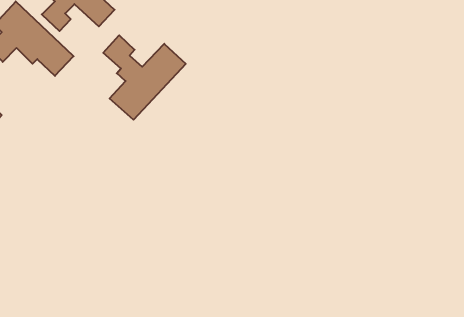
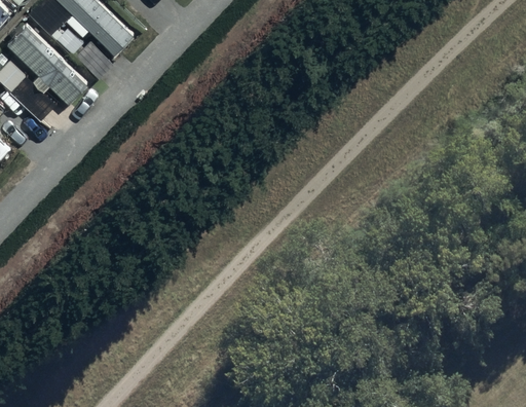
building: [103,35,186,120] -> none

